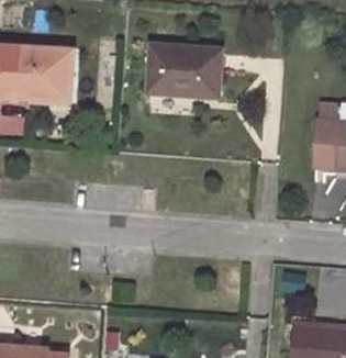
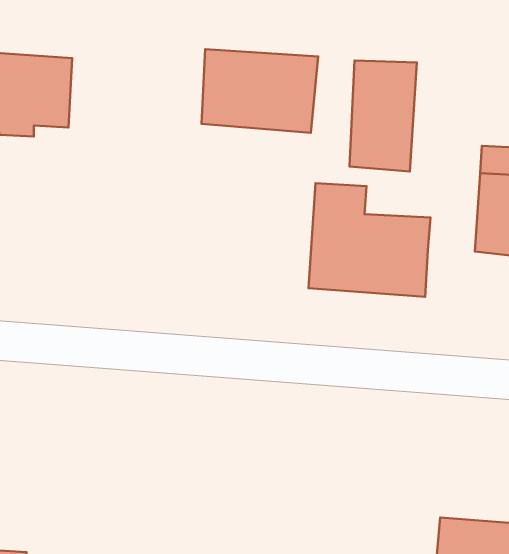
building: none -> [349,61,417,172]
building: none -> [308,183,430,297]

